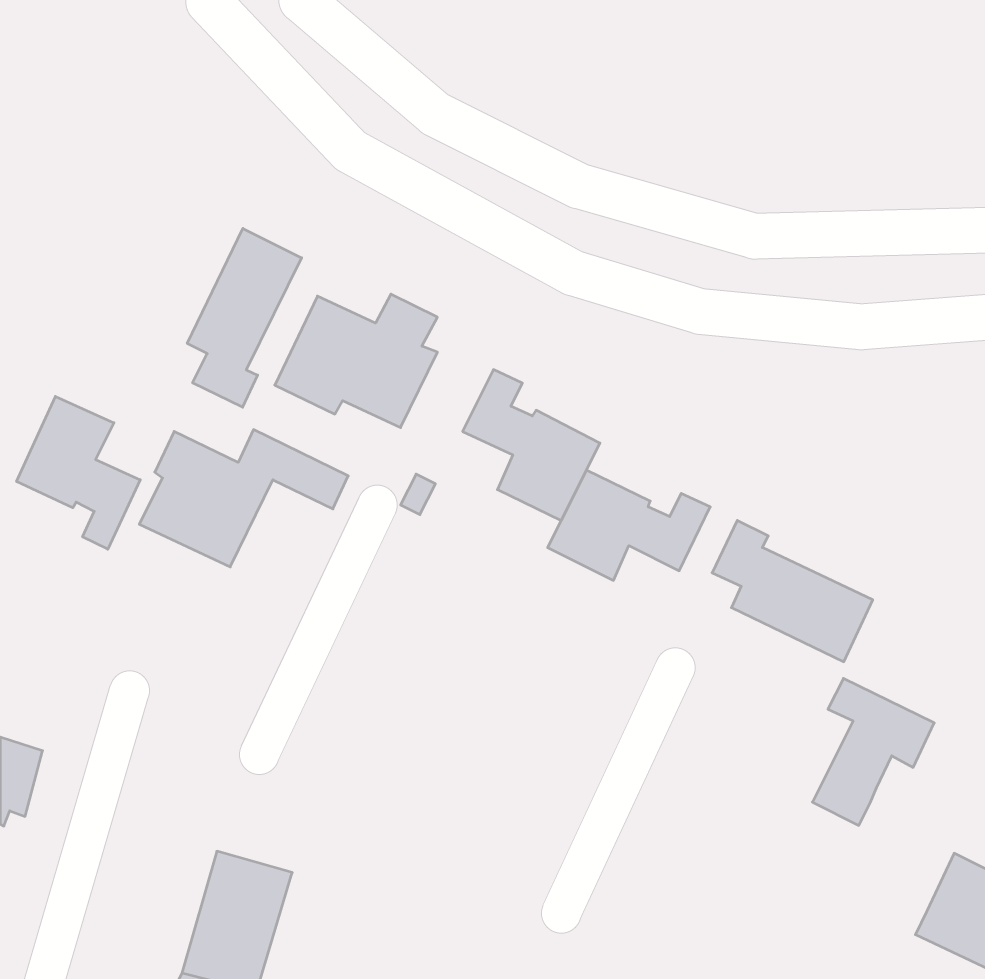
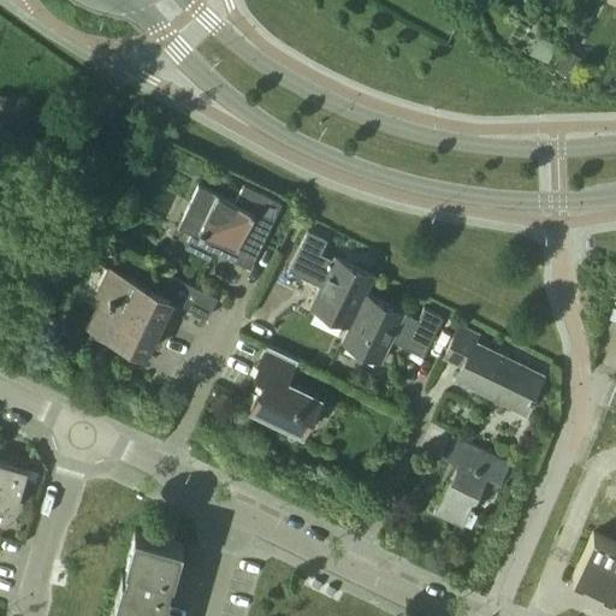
building: [187,228,302,407] -> none
building: [17,396,140,549] -> none
building: none -> [251,337,324,437]
building: [812,678,934,825] -> [436,439,511,531]

